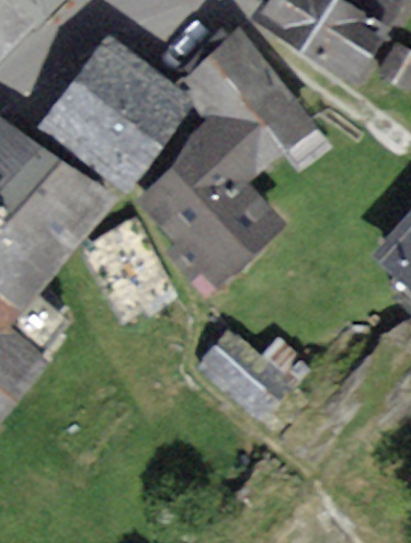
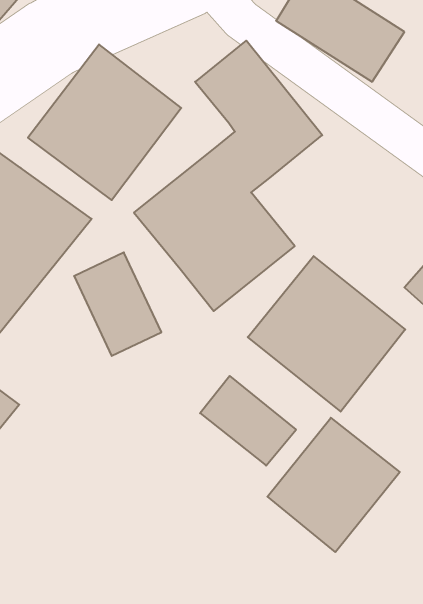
building: none -> [248,256,405,412]
building: none -> [267,418,400,552]

